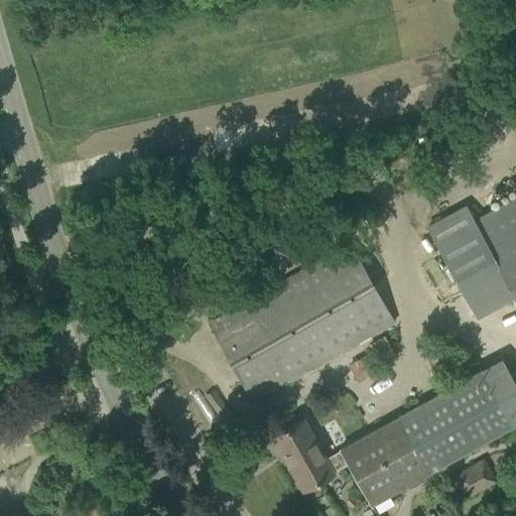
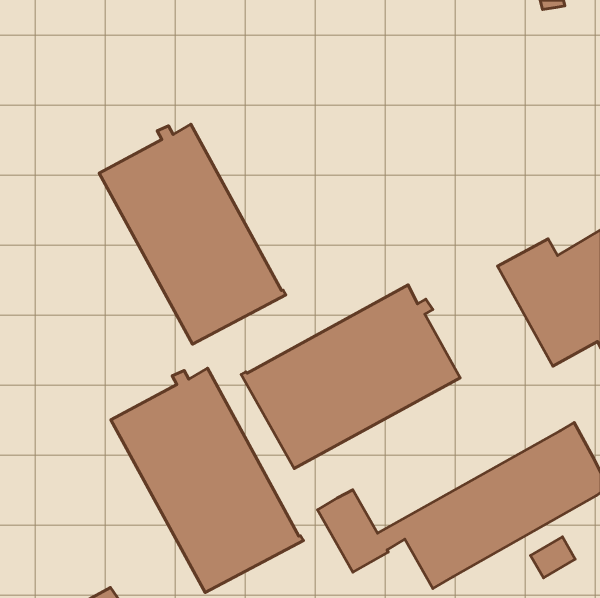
building: none -> [99,124,286,344]
building: none -> [111,368,303,593]

